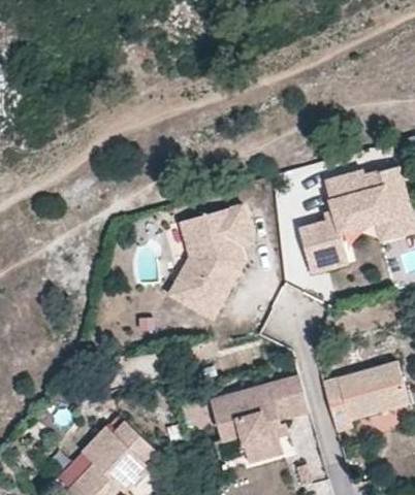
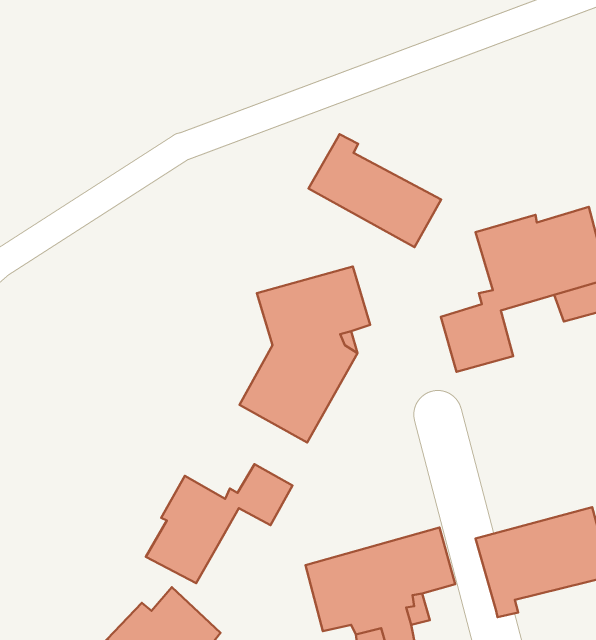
building: none -> [309,134,441,247]
building: none -> [146,464,292,583]

